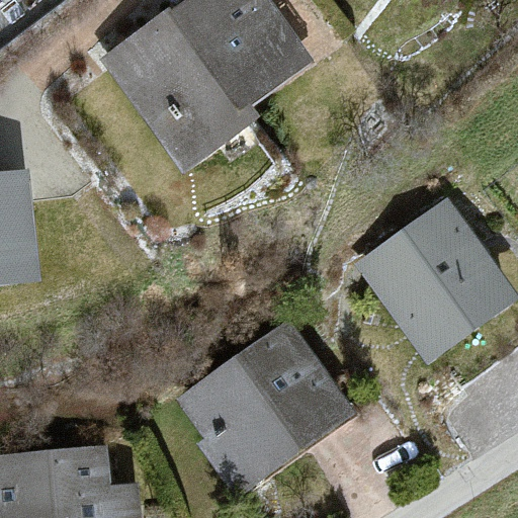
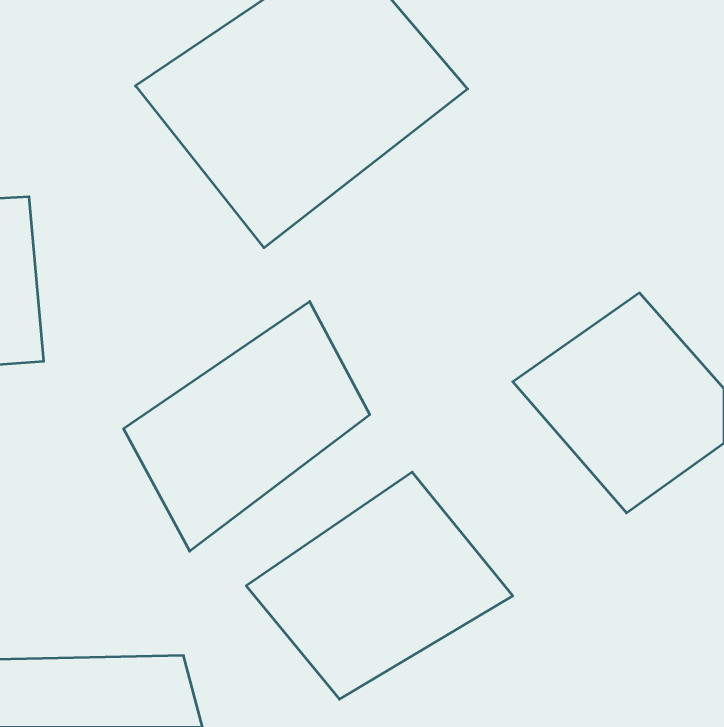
building: none -> [124,301,370,551]

